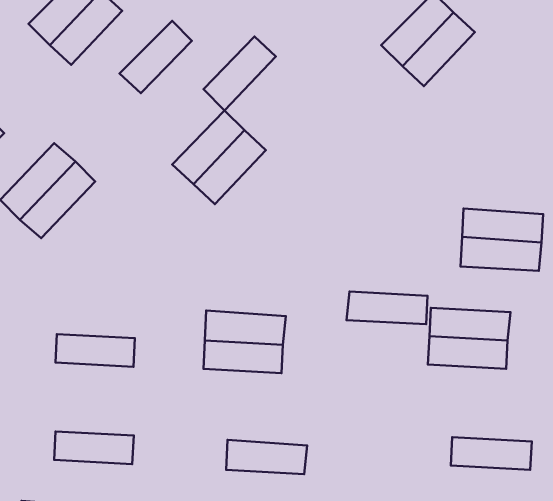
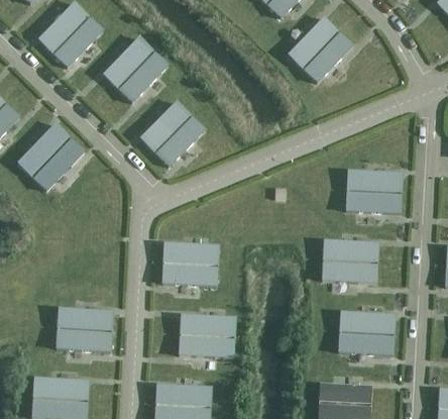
building: [203,36,276,110] -> [117,49,169,102]
building: [347,292,428,324] -> [338,311,396,334]
building: [55,334,135,367] -> [57,307,113,330]
building: none -> [179,313,236,337]

